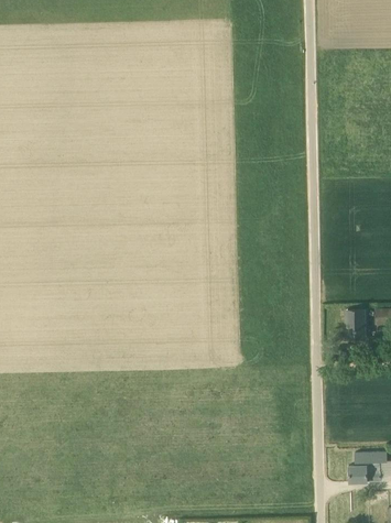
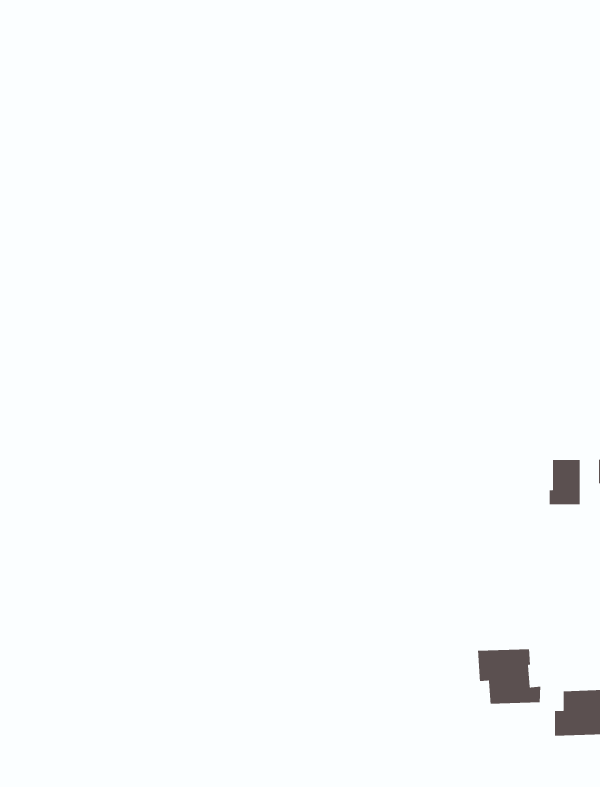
building: none -> [477,648,541,705]

